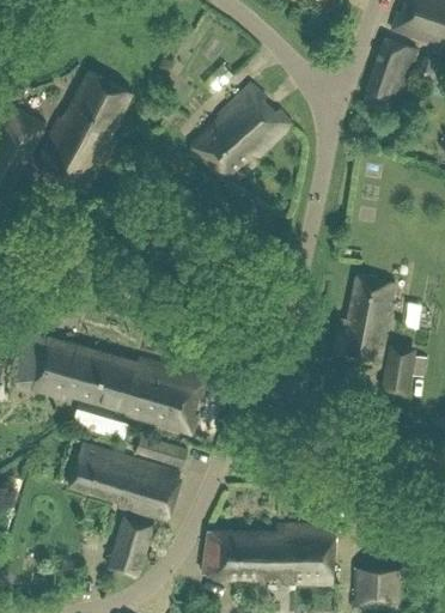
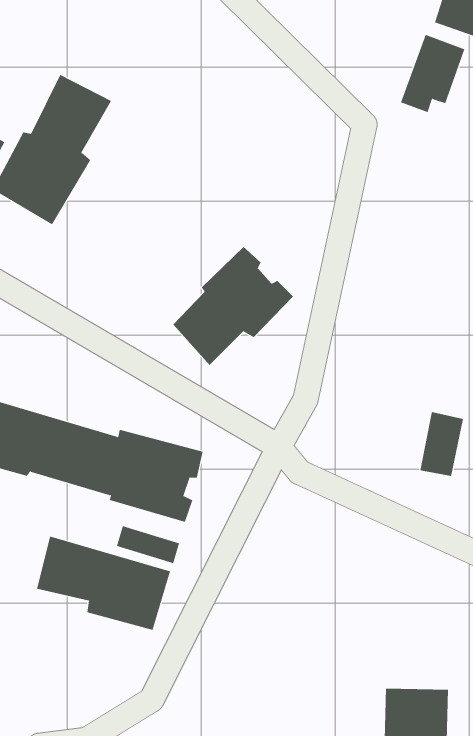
building: [194,83,292,180] -> [173,246,294,366]
building: [334,277,396,368] -> none
building: [109,515,153,576] -> none
building: [203,524,335,584] -> none

